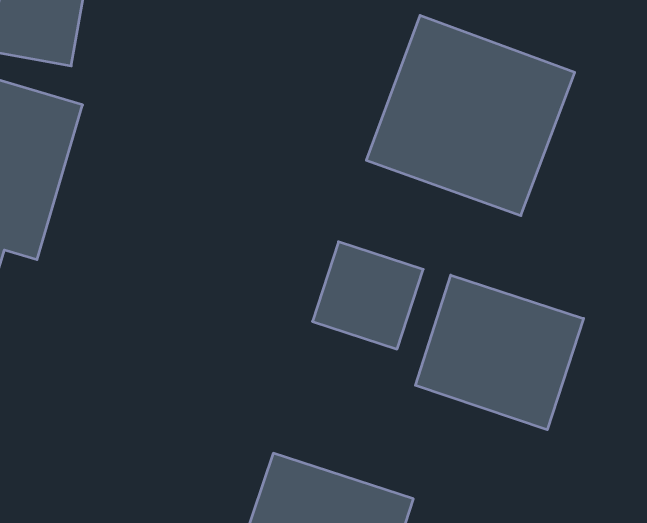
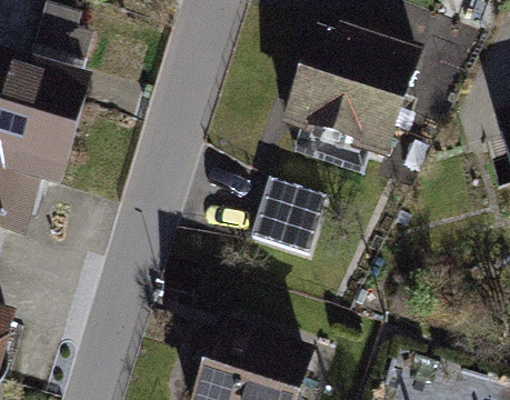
building: [415,275,584,430] -> none

